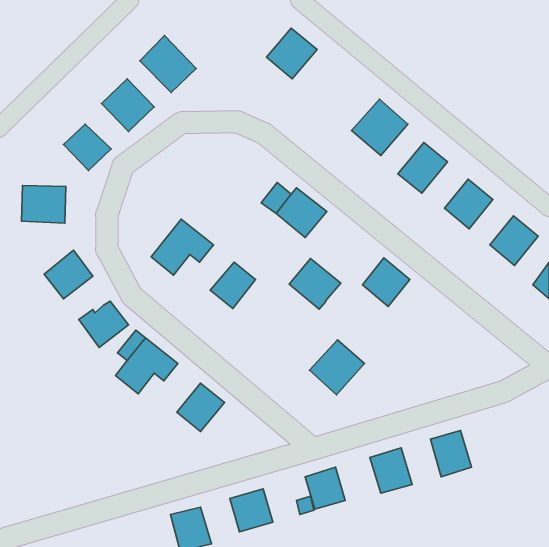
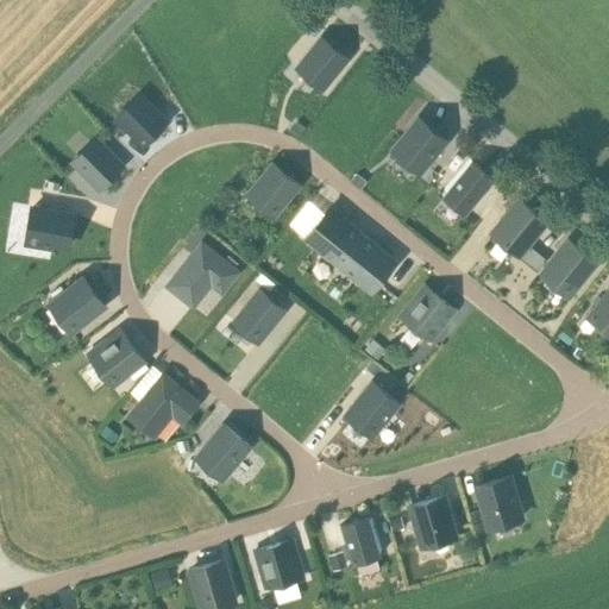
building: [140,36,196,93] -> none
building: none -> [246,167,297,219]
building: [289,258,341,309] -> [337,238,394,294]

